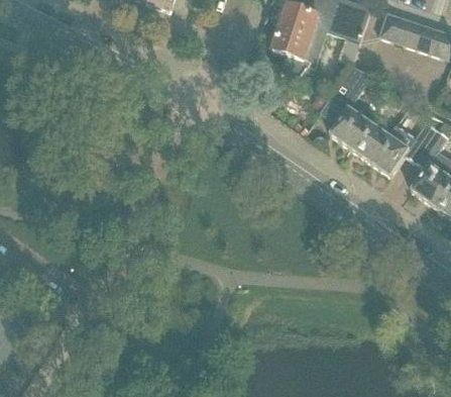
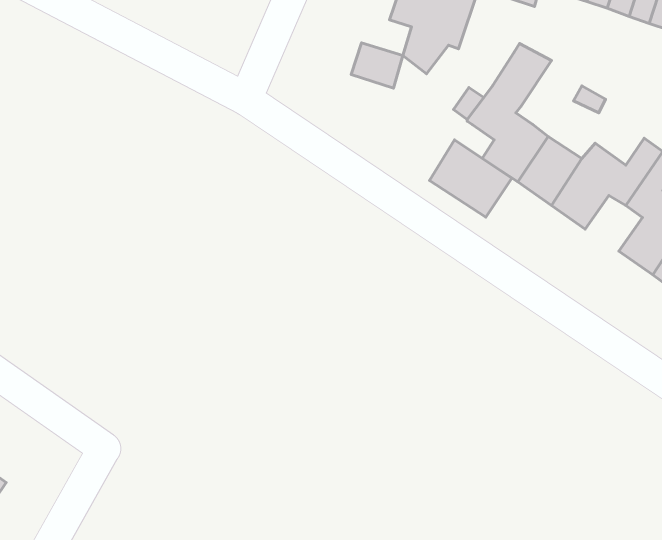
building: none -> [351,43,403,88]
building: none -> [430,140,512,217]

